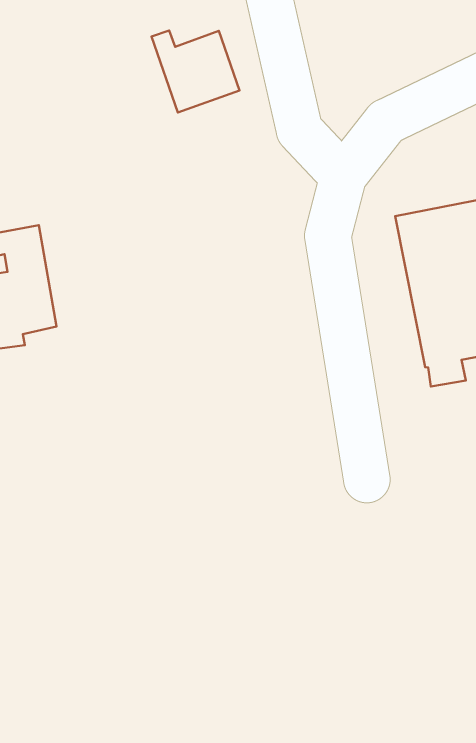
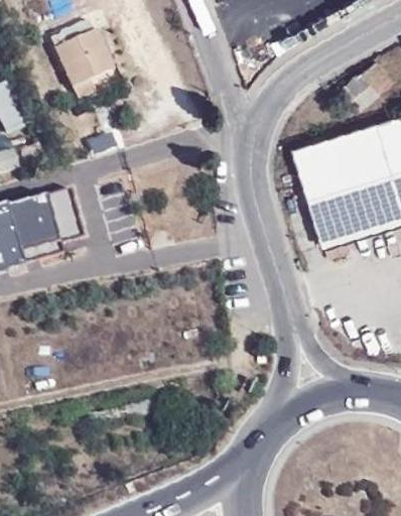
building: [151,31,239,112] -> [50,33,111,89]

